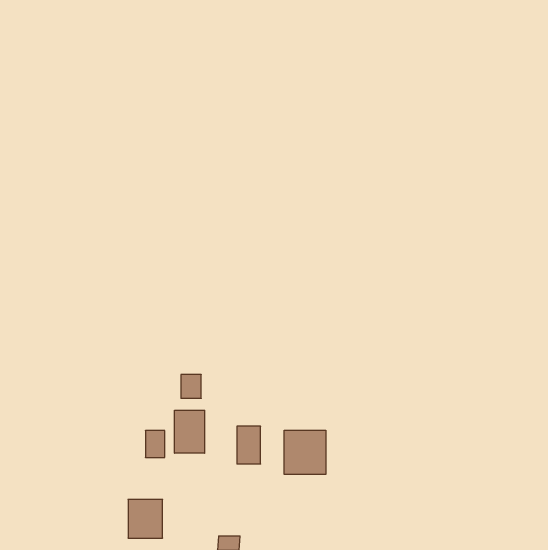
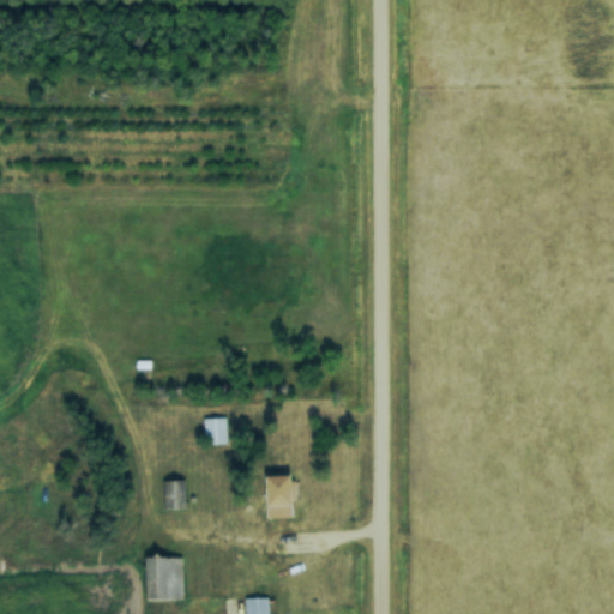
building: [175,410,205,453] -> none
building: [284,430,326,474] -> none

